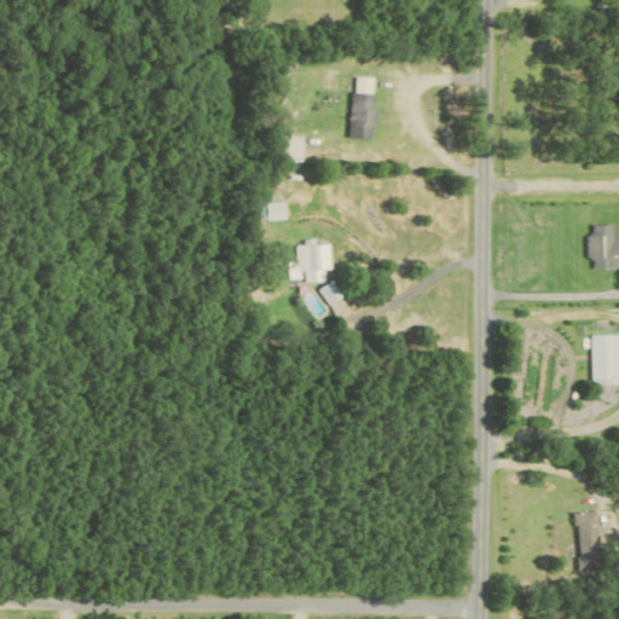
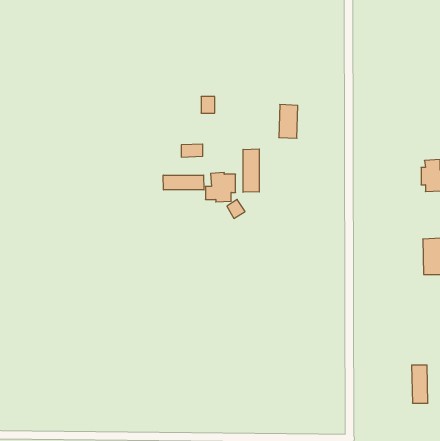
building: [349,92,376,139] -> [279,105,298,138]
building: none -> [243,149,259,192]
building: none -> [163,175,204,190]

